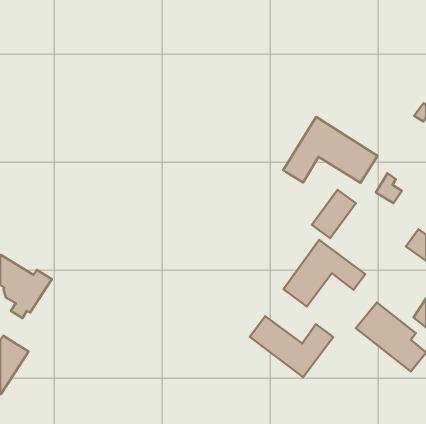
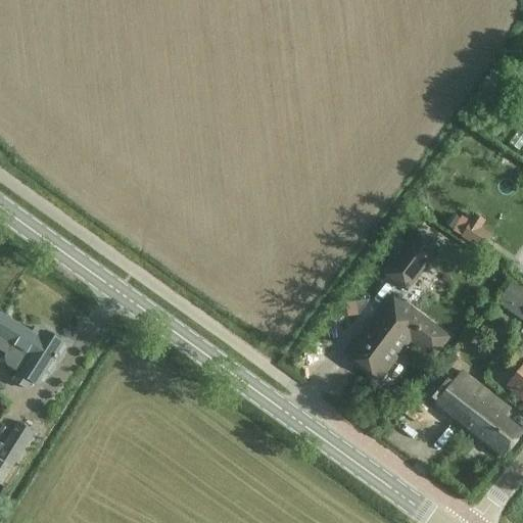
building: [283,117,377,183] -> none
building: [250,316,333,377] -> none

